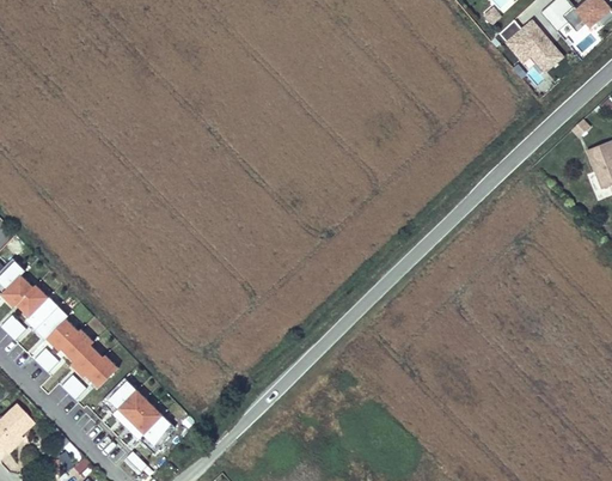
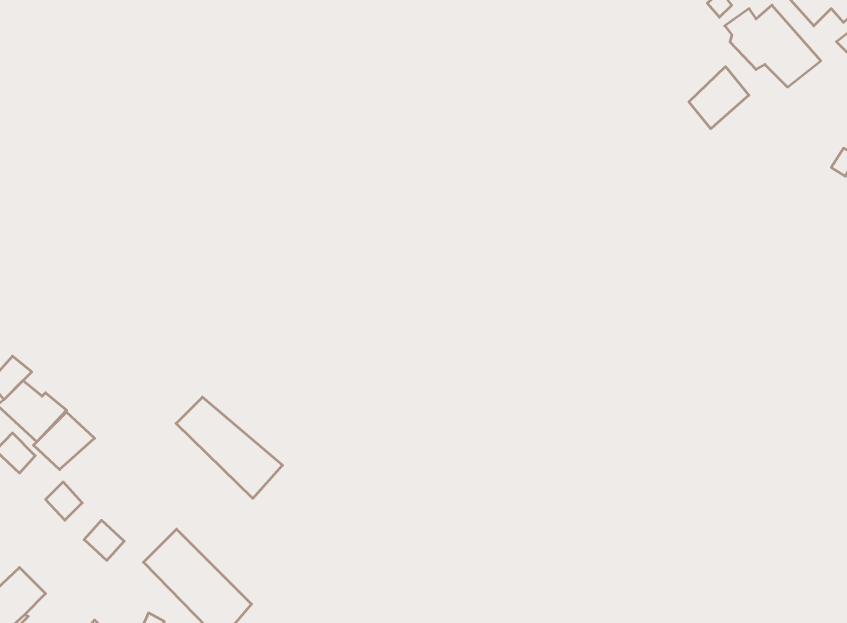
building: none -> [689,67,749,129]
building: [45,321,118,390] -> [176,397,283,498]

